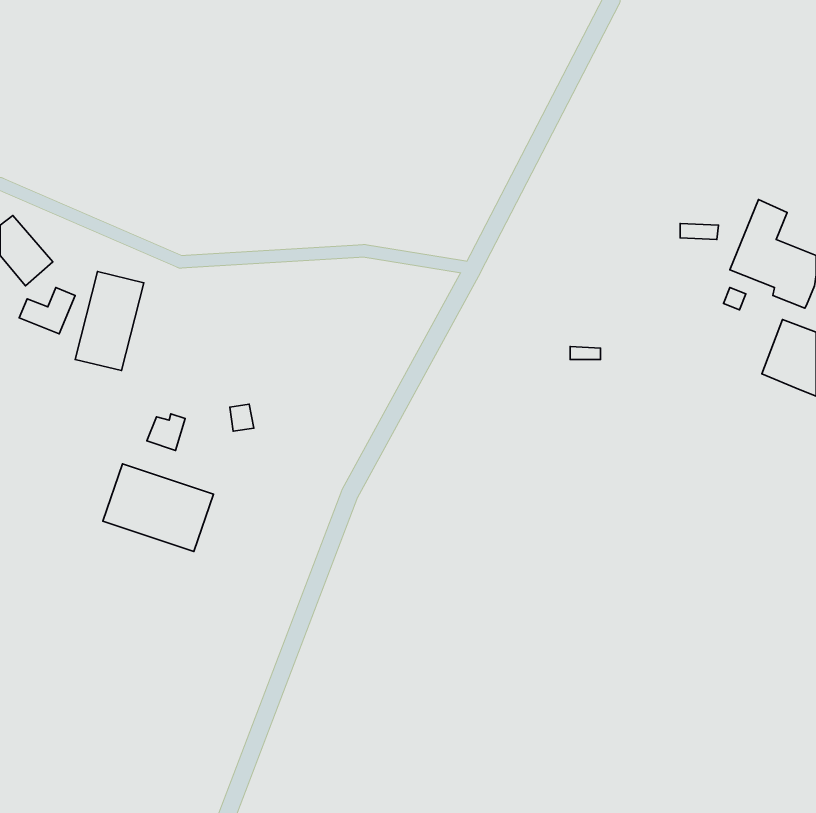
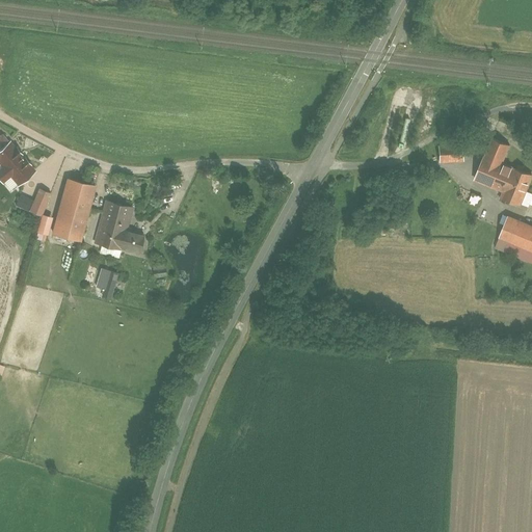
building: none -> [91,202,144,259]
building: [103,464,213,551] -> none

